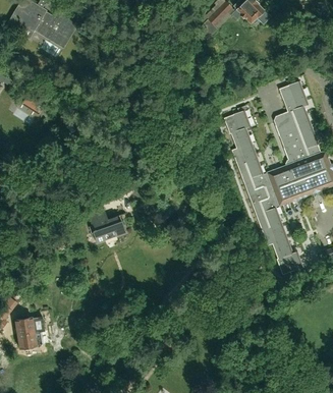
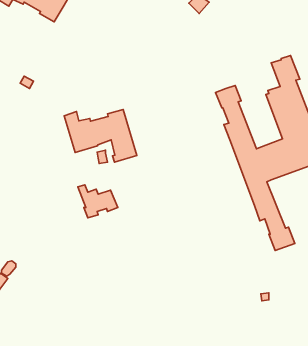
building: none -> [64,110,137,162]
building: [15,317,44,350] -> none

